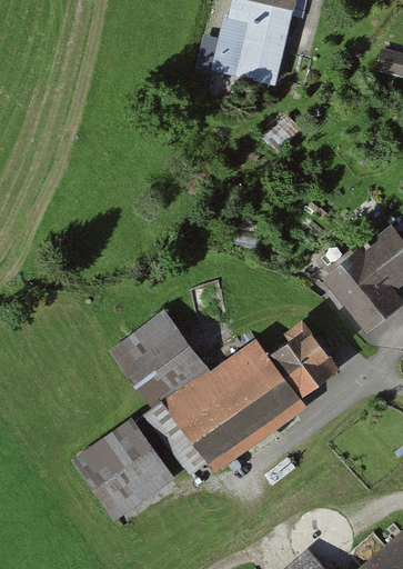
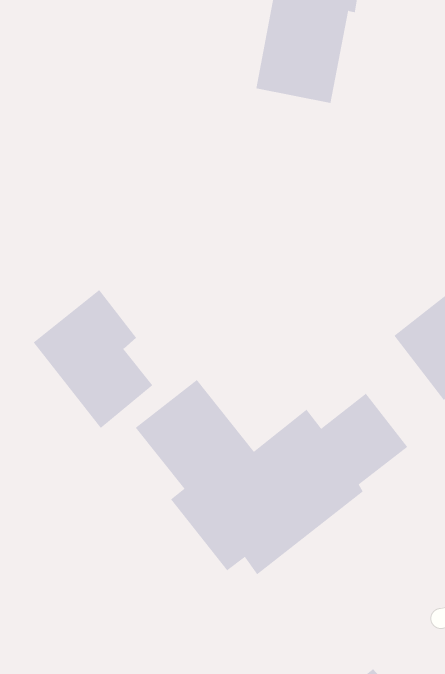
building: none -> [33,289,153,429]
building: [72,422,172,522] -> none

